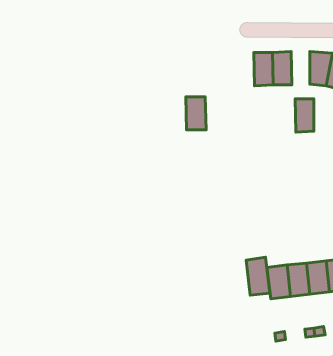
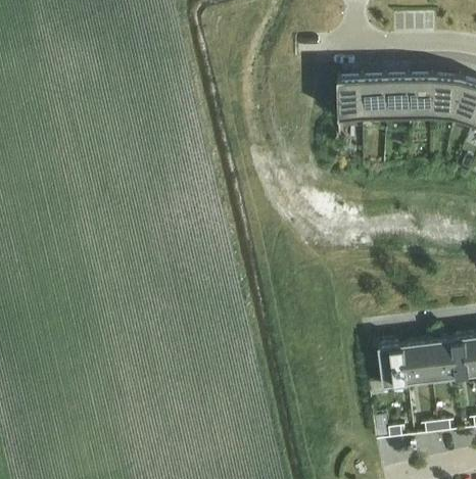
building: [186,97,206,130] -> [337,77,363,118]
building: [295,99,314,132] -> [409,76,432,117]
building: [246,257,270,295] -> none

